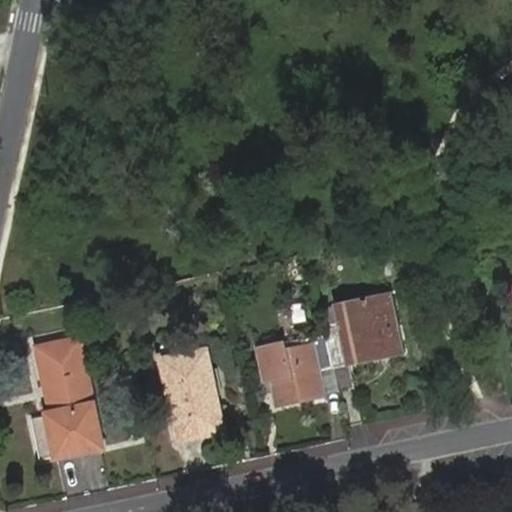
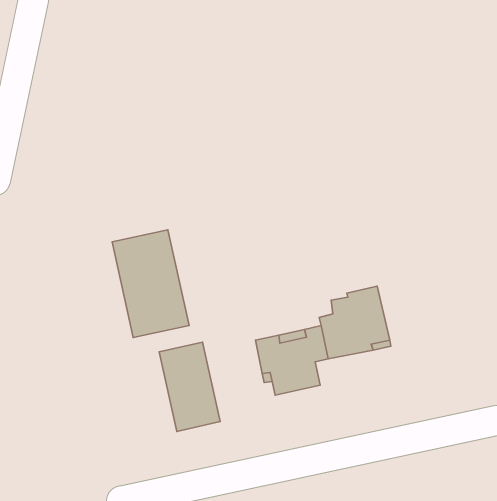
building: none -> [112,230,189,337]
building: [33,341,102,461] -> none

